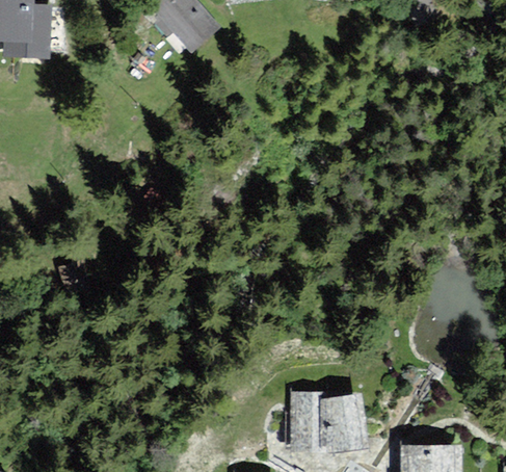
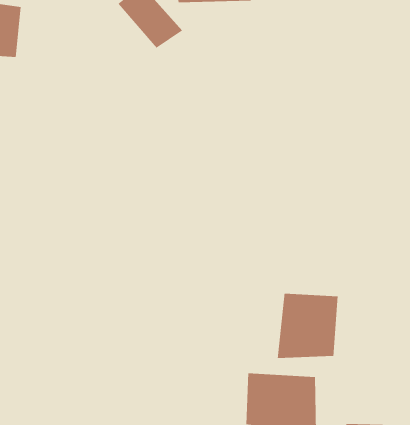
building: none -> [277,293,338,359]

